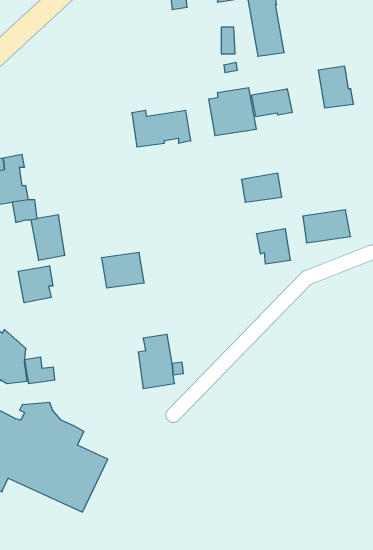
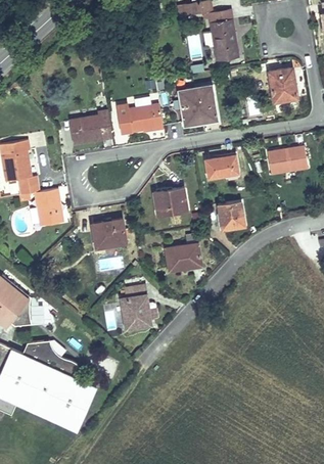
building: [252,89,292,117] -> none
building: none -> [70,110,111,143]
building: [303,210,351,243] -> [268,147,307,174]
building: none -> [153,187,186,215]
building: [18,266,53,303] -> none
building: none -> [166,244,200,271]

